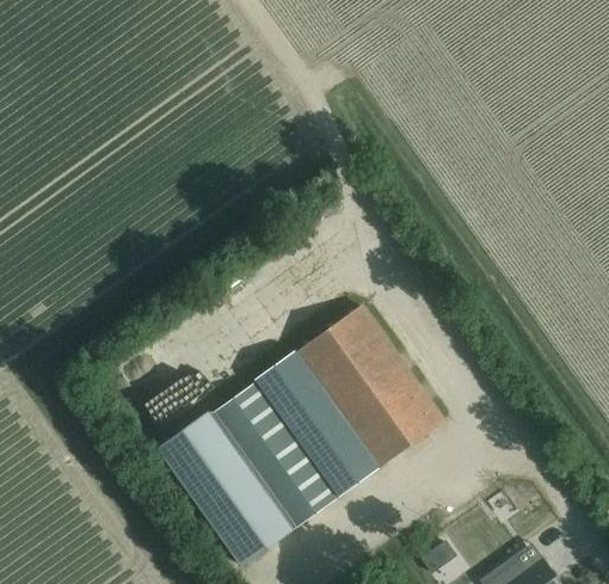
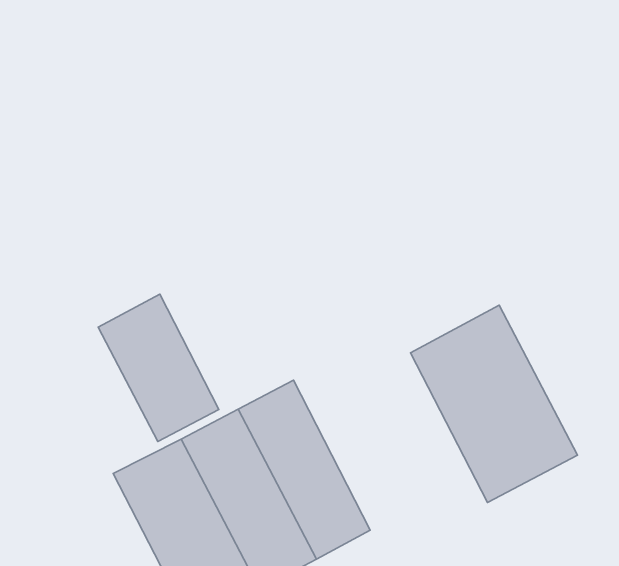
building: none -> [98,294,219,442]
building: [295,305,443,467] -> [411,305,578,503]

